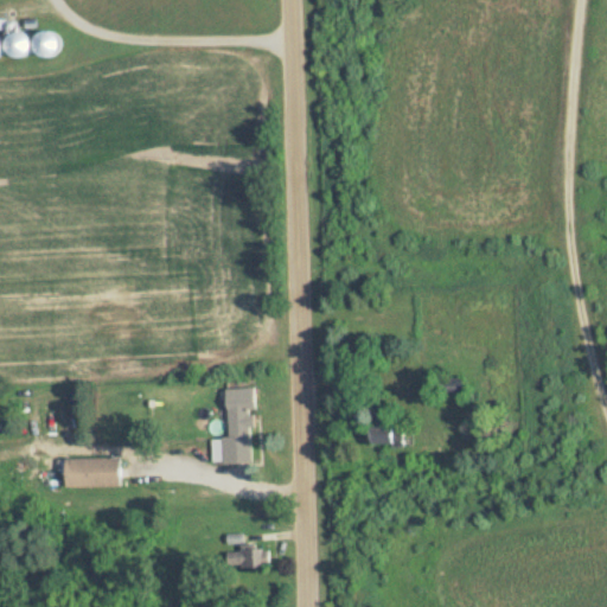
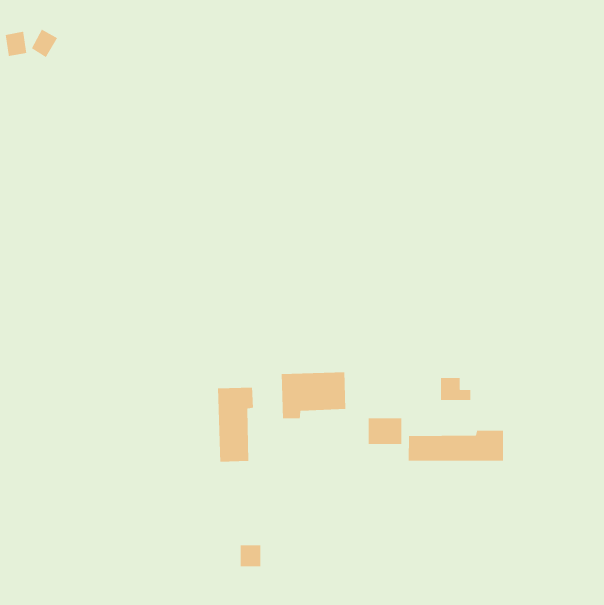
building: none -> [281,371,346,419]
building: none -> [408,430,504,461]
building: [63,458,119,487] -> none

